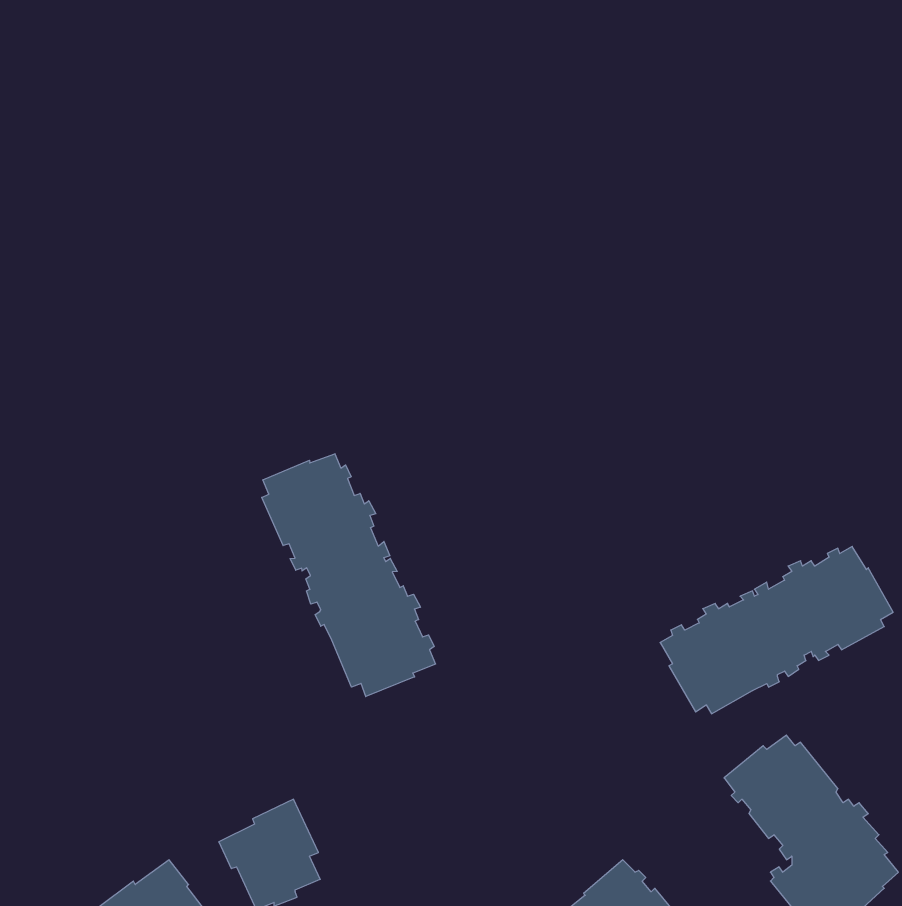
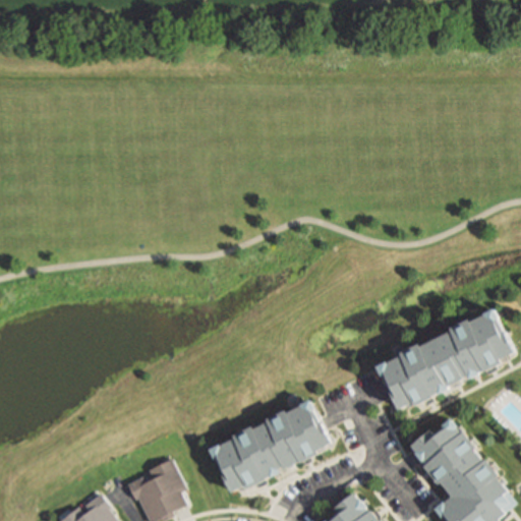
building: [262,454,436,697] -> none
building: none -> [208,407,324,493]

